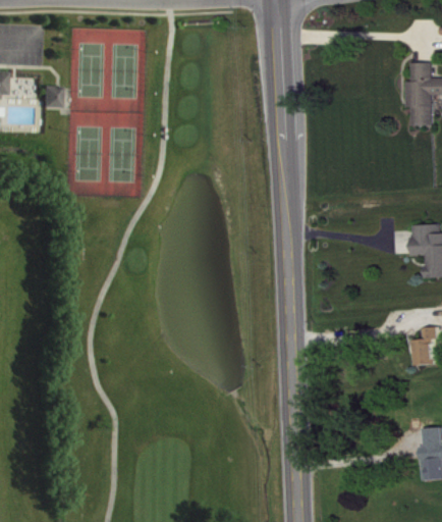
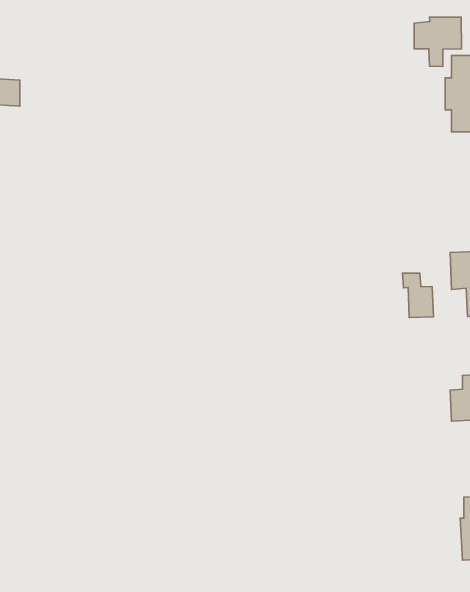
building: none -> [414,17,462,66]
building: none -> [402,273,433,318]

